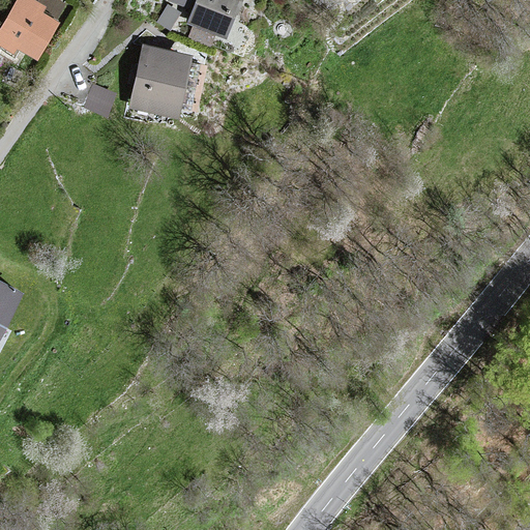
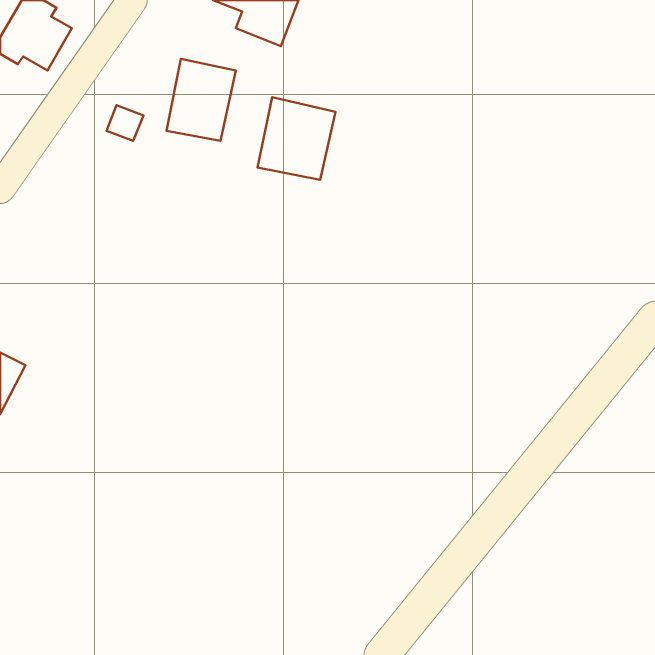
building: none -> [257,97,335,180]

